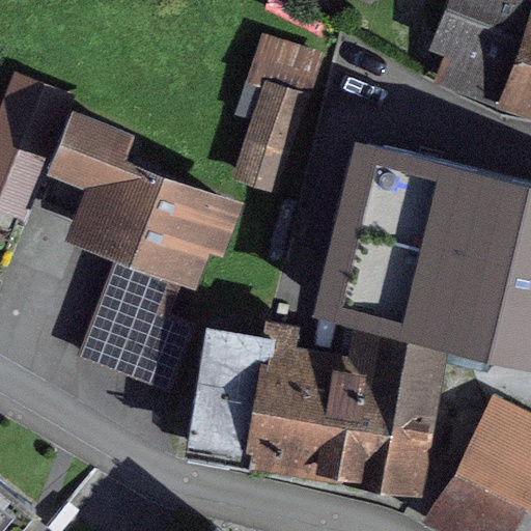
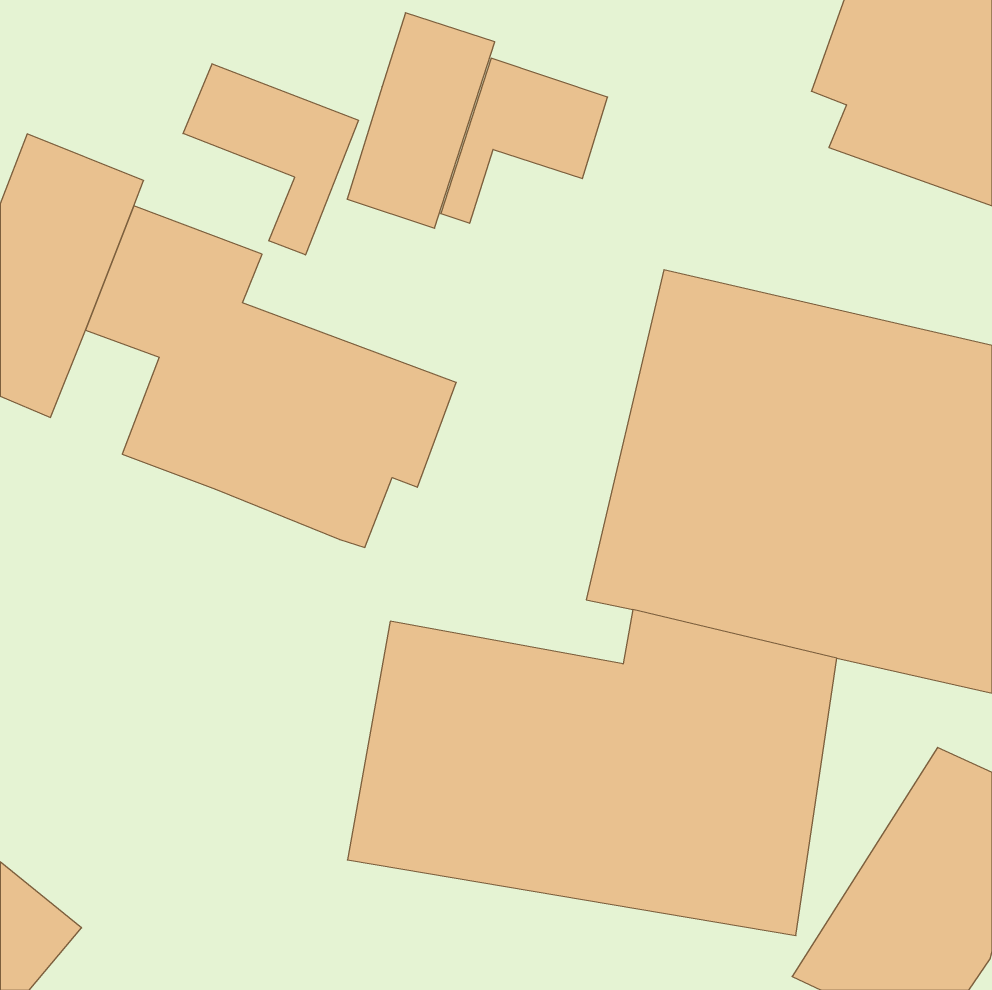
building: none -> [183,64,358,255]
building: [232,80,311,195] -> [347,13,495,228]
building: [78,261,198,391] -> none

